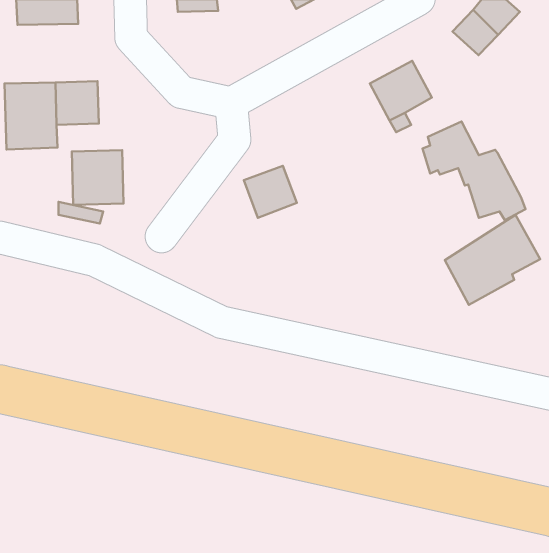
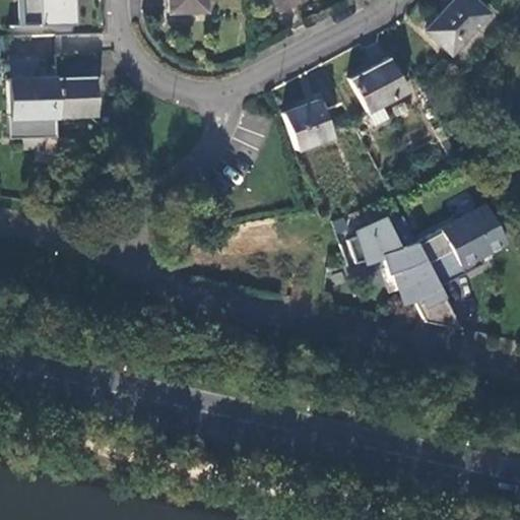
building: [423,121,526,220] -> [351,214,448,307]
building: [72,150,124,205] -> none
building: [244,166,297,218] -> [284,101,334,149]

